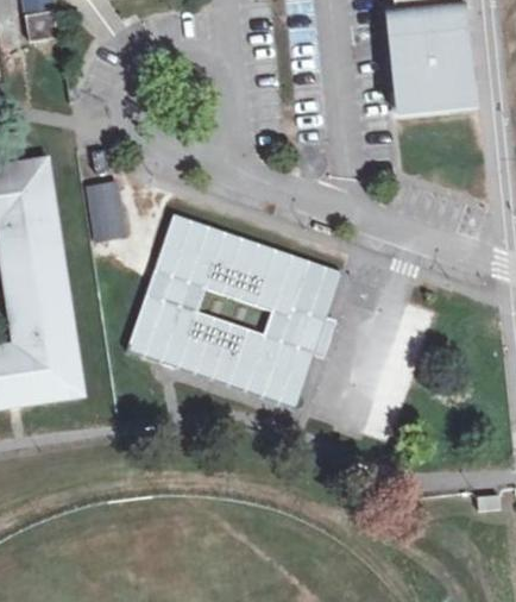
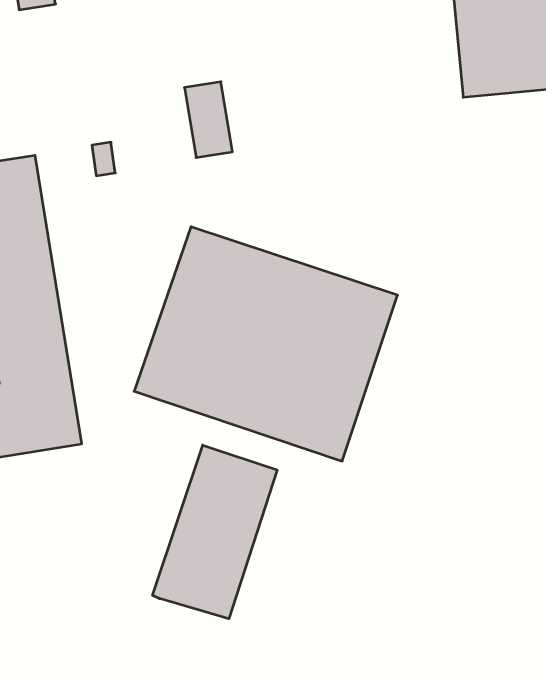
building: [88,180,127,242] -> [184,82,232,158]
building: none -> [153,445,277,619]

